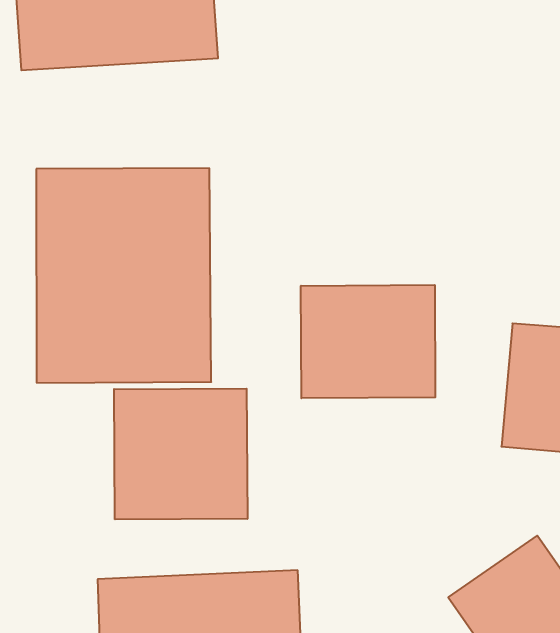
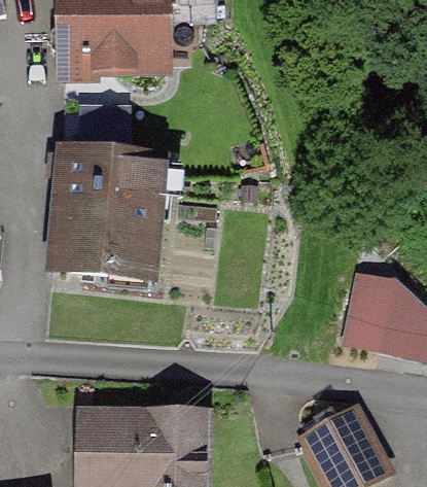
building: [301,285,435,398] -> none
building: [114,389,247,519] -> none

